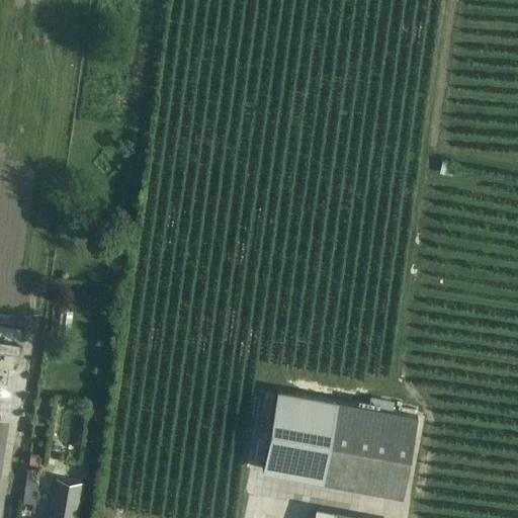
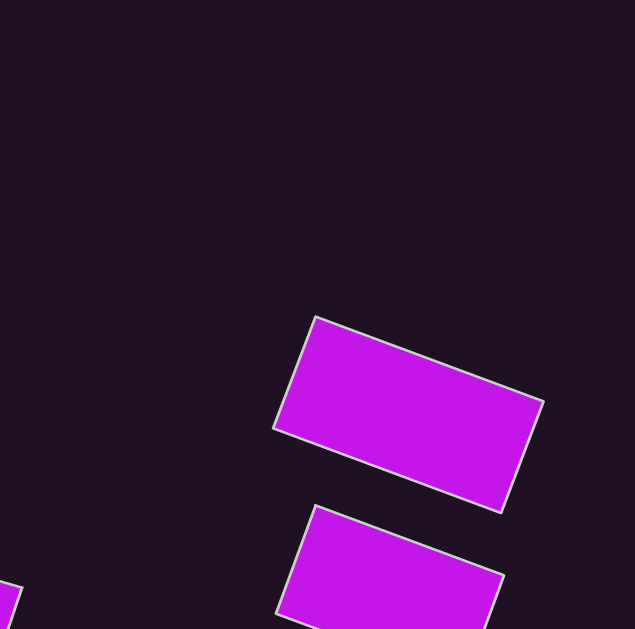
building: none -> [273,317,543,513]

